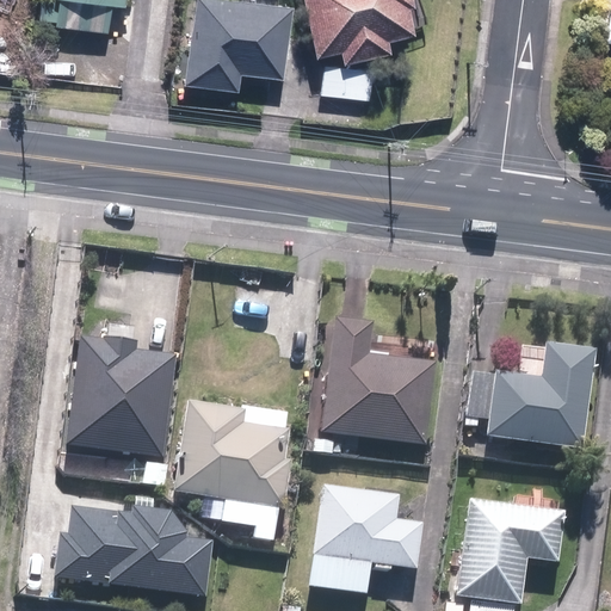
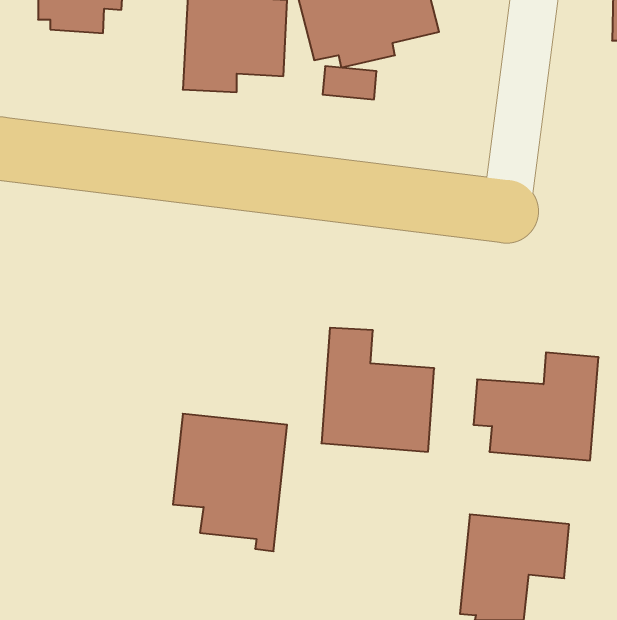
building: [67,339,178,457] -> none
building: [310,483,418,590] -> none
building: [53,507,214,591] -> none

